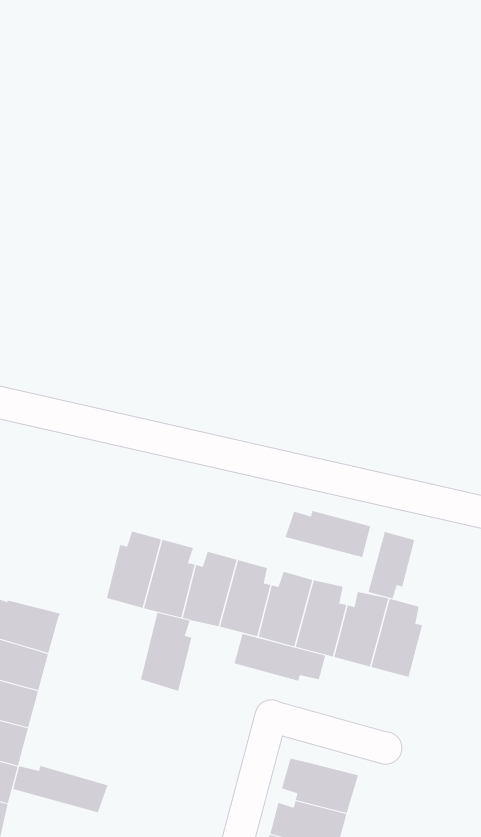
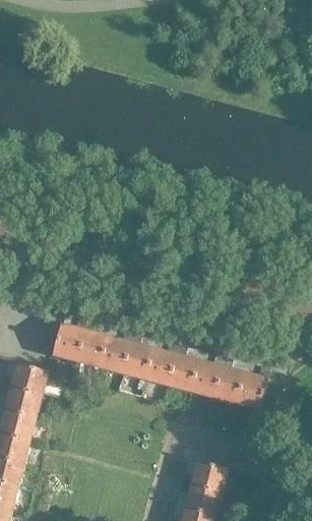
building: [285,510,371,558] -> none
building: [368,531,415,599] -> none
building: [140,612,192,691] -> [54,315,85,363]
building: [234,633,326,681] -> none
building: [12,765,108,813] -> none

